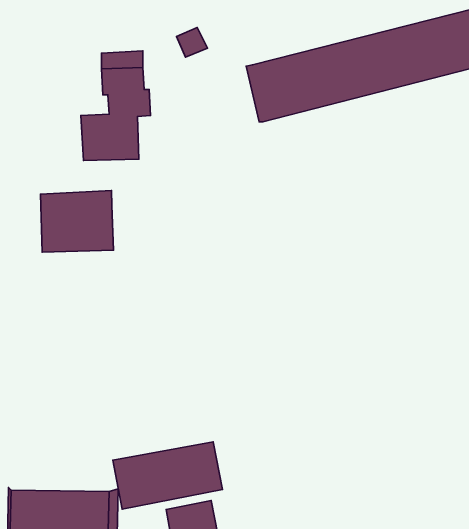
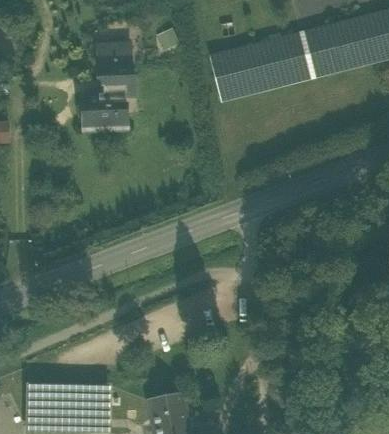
building: [41,190,113,252] -> none
building: [113,442,222,509] -> none

